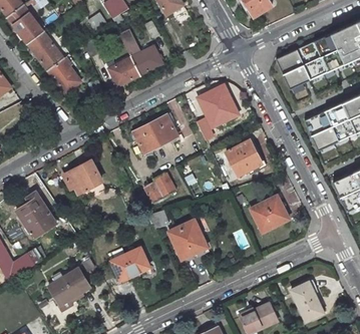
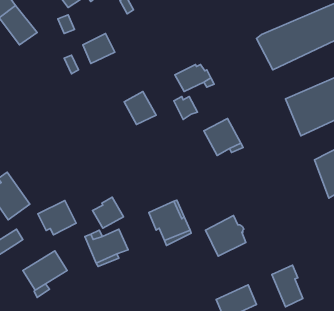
building: [116,29,161,75] -> none
building: [46,56,78,89] -> none
building: [132,123,159,153] -> none
building: [63,159,100,193] -> [38,201,76,235]
building: [144,173,174,203] -> [93,197,124,228]
building: [253,196,292,235] -> [206,216,246,256]

